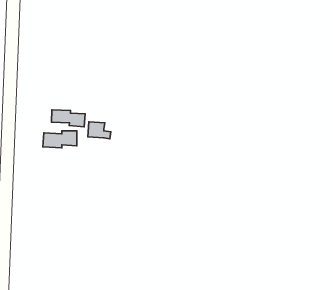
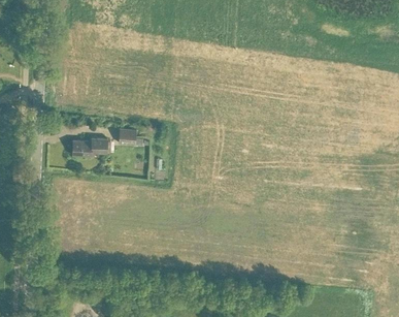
building: [52,110,85,127] -> none

